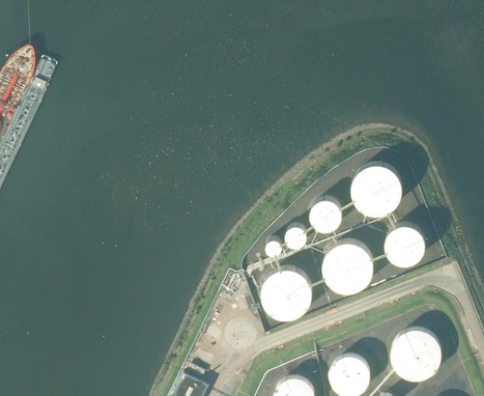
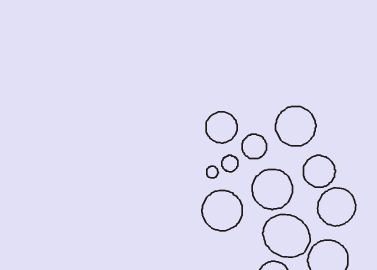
building: none -> [206,112,237,143]
building: none -> [317,188,356,226]
building: none -> [263,214,310,257]

